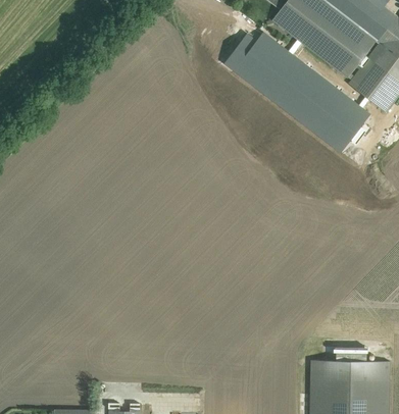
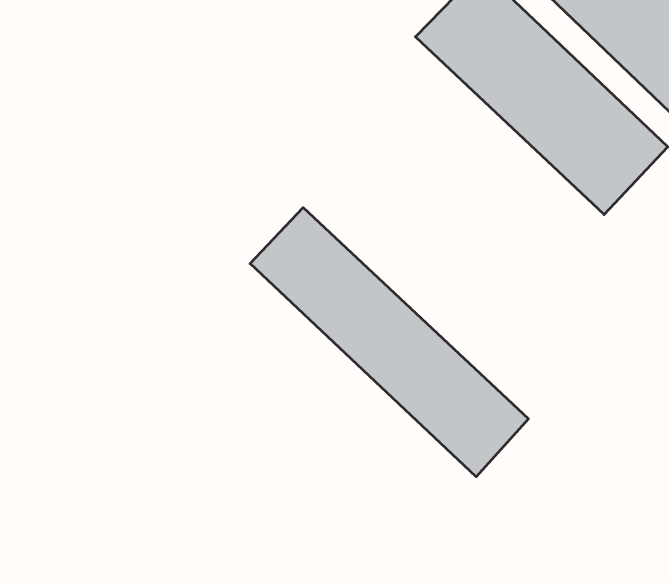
building: none -> [250,208,528,477]

